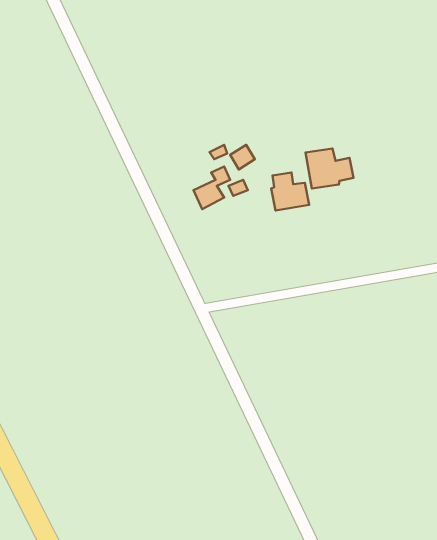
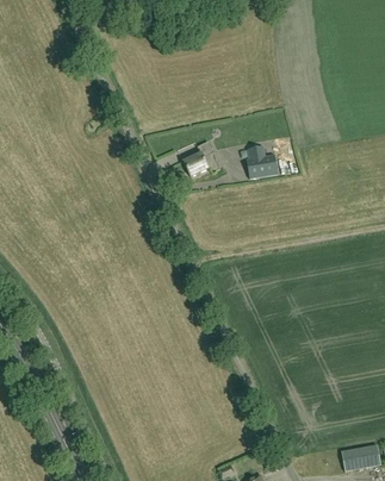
building: [306,148,353,188] -> none

